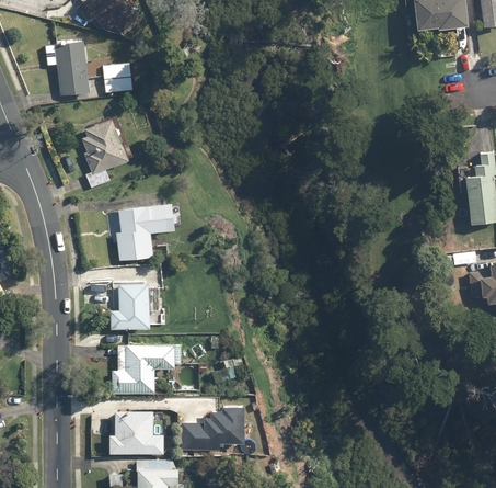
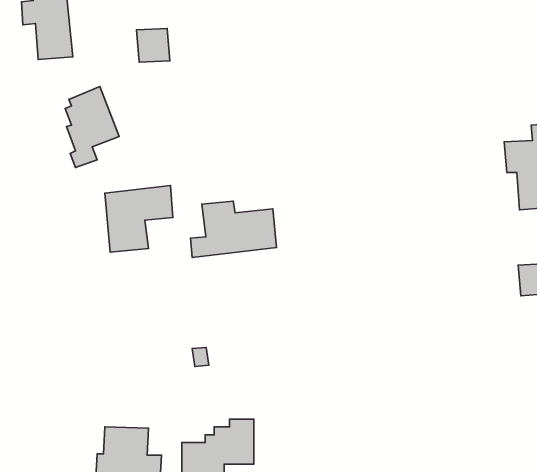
building: [103,64,131,92] -> [137,29,170,62]
building: none -> [190,201,277,258]
building: [113,282,149,330] -> none
building: [112,343,175,395] -> none

